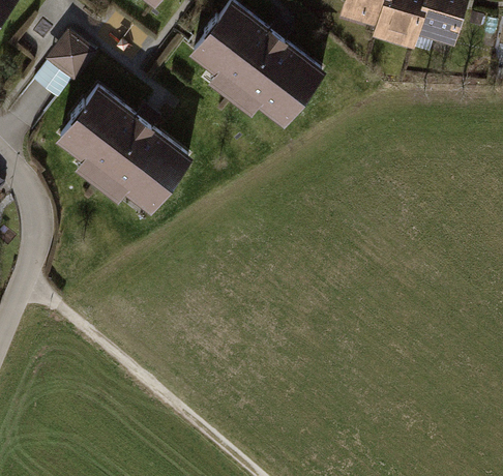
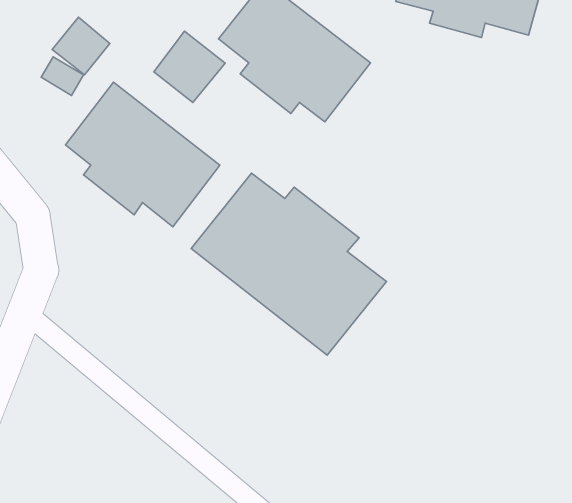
building: none -> [154,31,225,103]
building: none -> [191,173,386,355]

